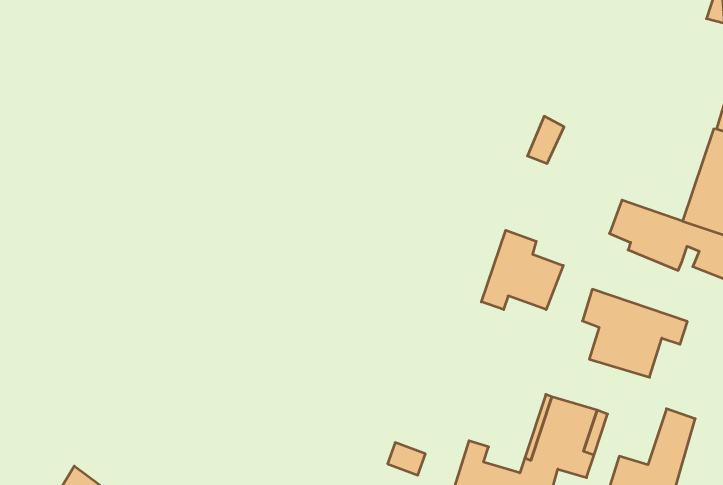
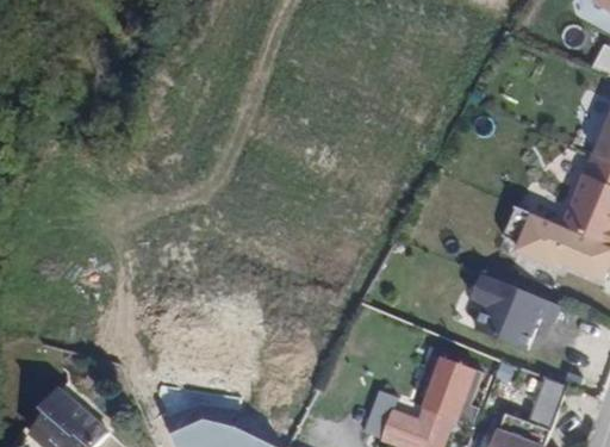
building: [481,230,563,310] -> none

